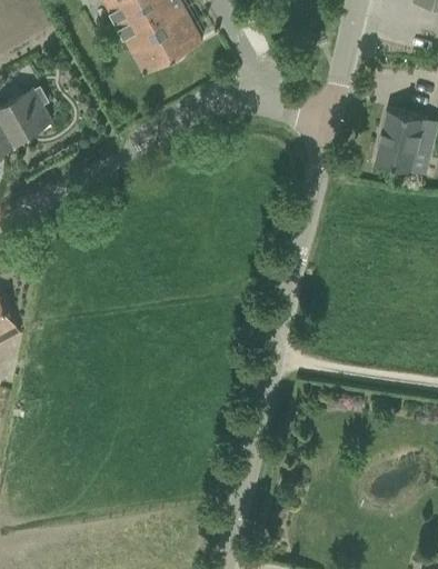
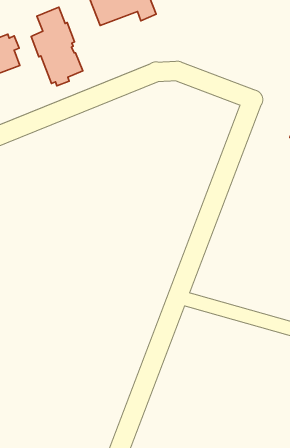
building: none -> [31,7,83,86]

